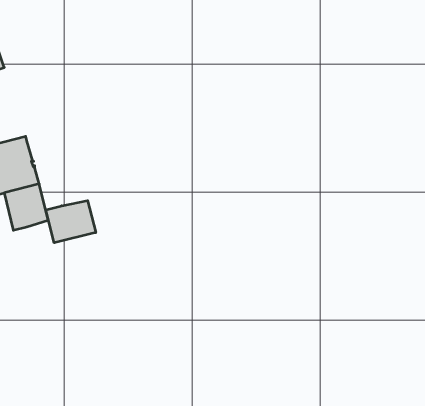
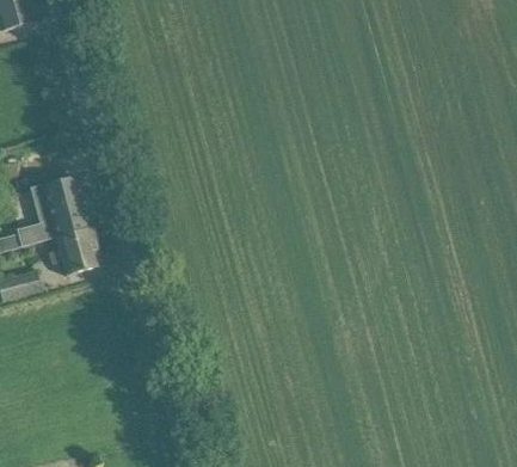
building: [46,201,96,243] -> none

